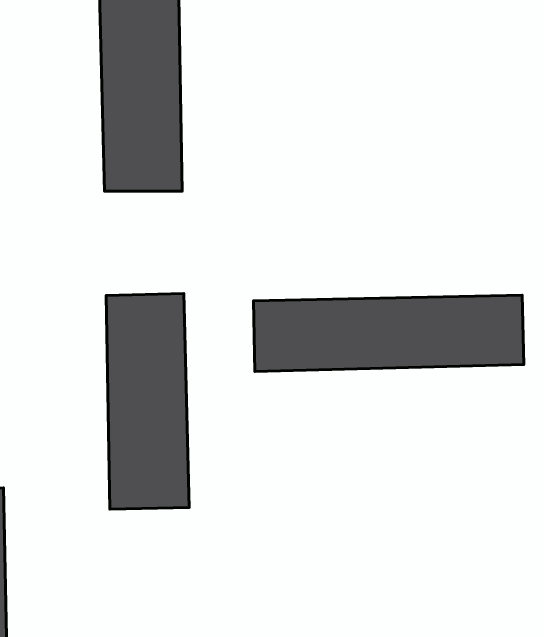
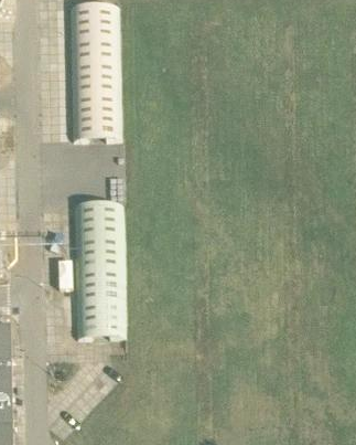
building: [253,295,524,371] -> none

